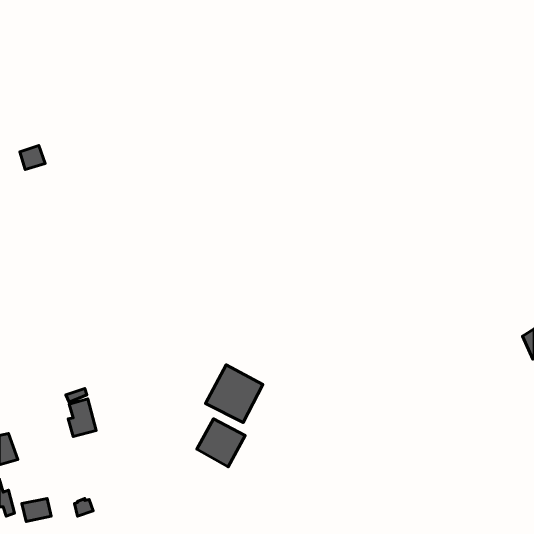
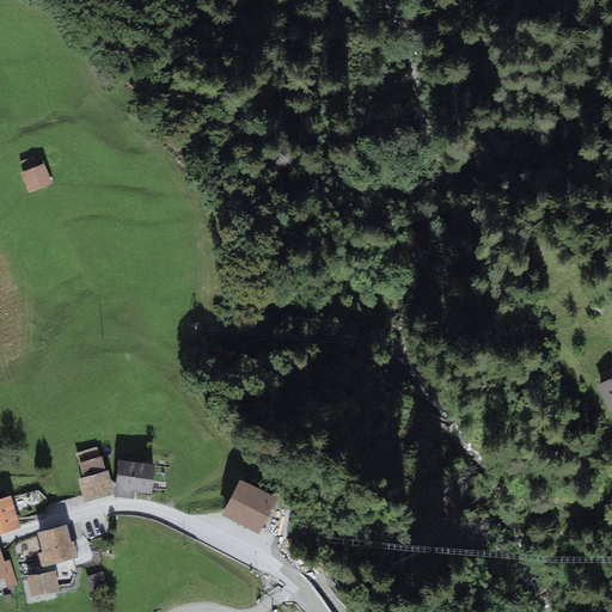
building: [206,365,263,422] -> none
building: none -> [115,460,152,495]
building: none -> [36,524,76,565]

